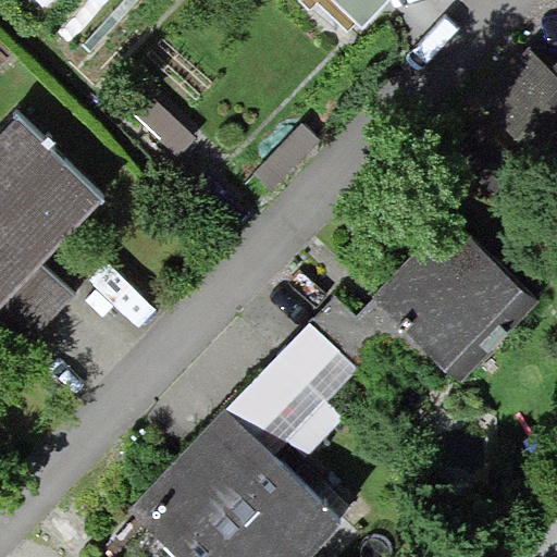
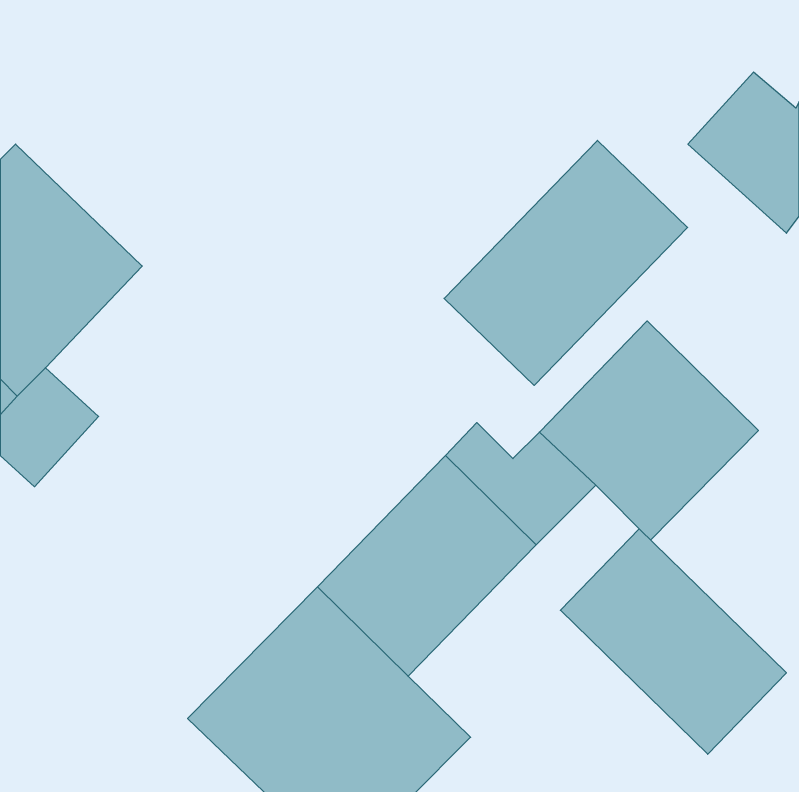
building: none -> [444,140,688,385]
building: none -> [560,529,786,754]

